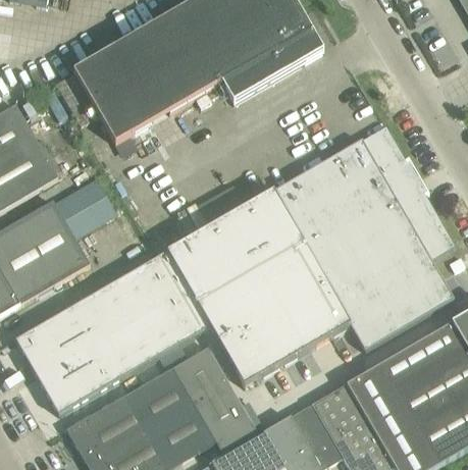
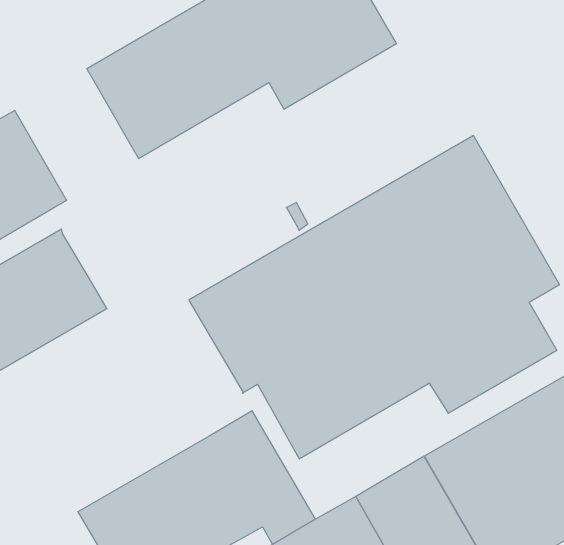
building: [54,178,118,240] -> none
building: [15,258,199,414] -> none

